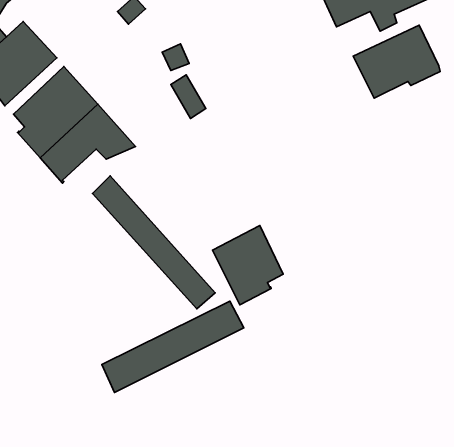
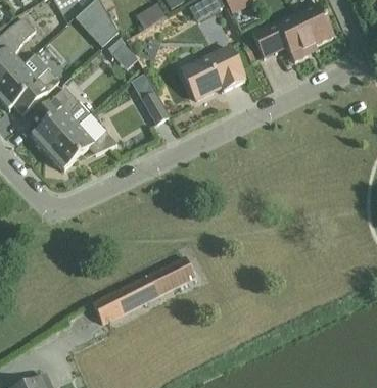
building: [353,25,440,98] -> [181,46,244,99]
building: [92,176,215,309] -> none
building: [213,226,283,305] -> none

